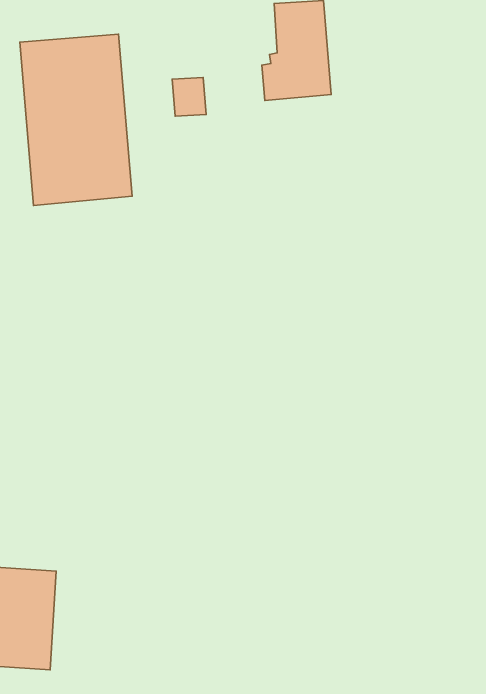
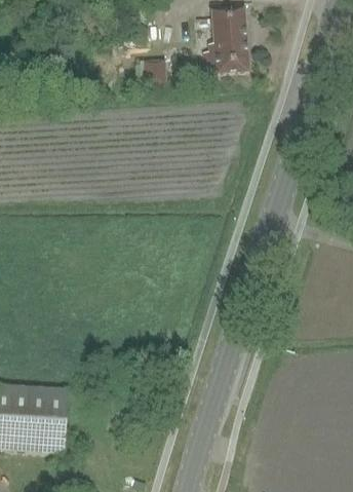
building: [20,34,132,205] -> none

